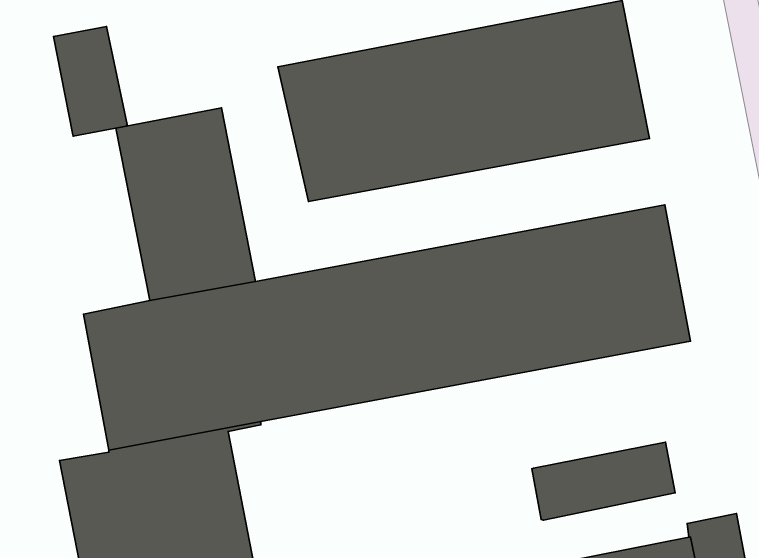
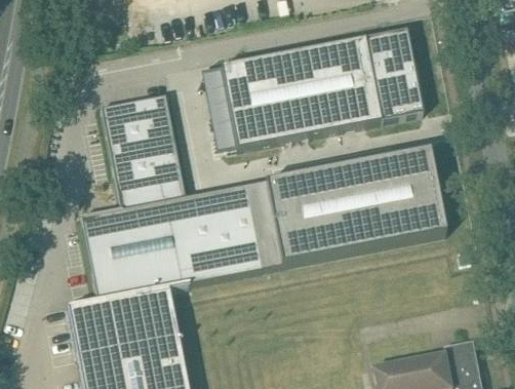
building: [53,26,127,136] -> none
building: [532,442,675,520] -> none

